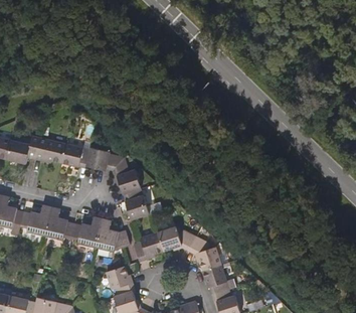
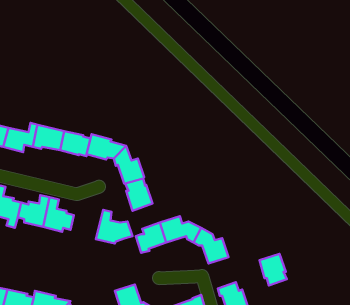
building: [71,216,103,247] -> none
building: [203,264,229,294] -> [259,254,287,285]
building: [106,266,133,295] -> none

